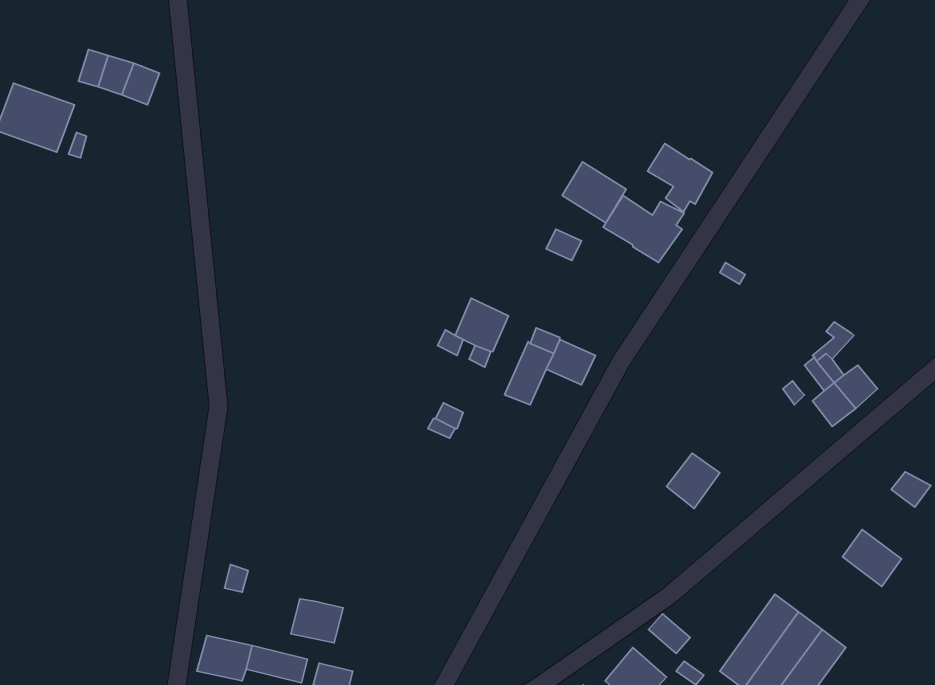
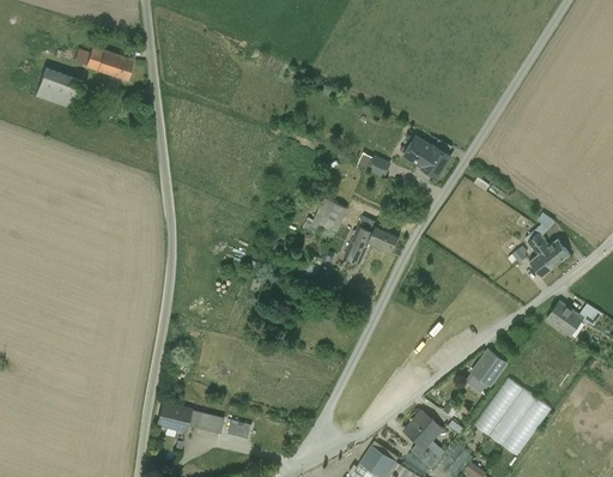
building: [647,143,713,212] -> none
building: [562,162,626,223] -> none
building: [667,453,720,508] -> [473,351,505,385]
building: [842,529,902,587] -> [547,301,583,336]
building: [291,599,343,643] -> none

